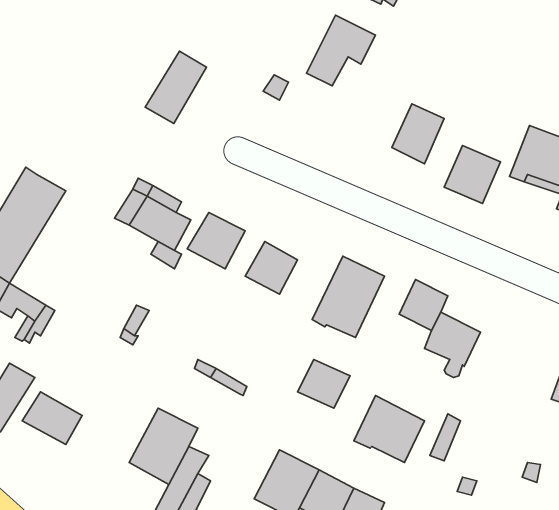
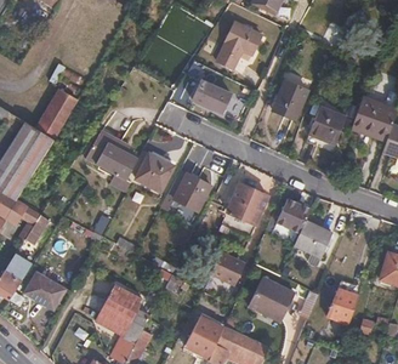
building: [145,51,207,123] -> [34,90,75,138]
building: none -> [191,81,229,114]
building: none -> [326,288,357,322]

